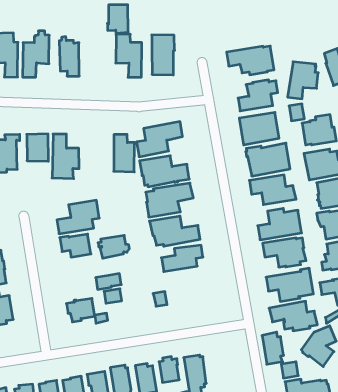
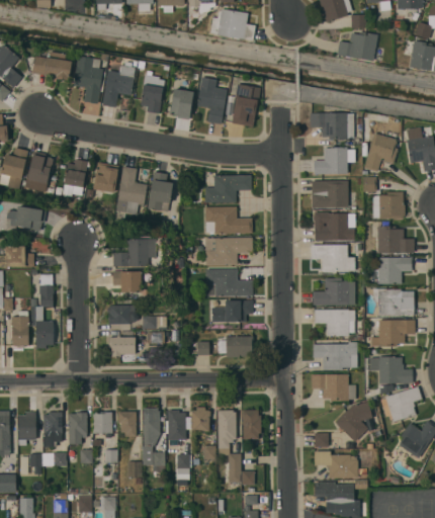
building: [107,5,128,33] -> [169,89,193,119]
building: [114,134,135,172] -> [148,172,173,212]
building: [98,235,129,258] -> [107,306,138,325]
building: none -> [218,337,253,358]
building: [262,332,284,364] -> [243,410,261,440]

